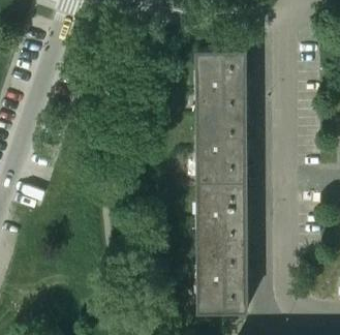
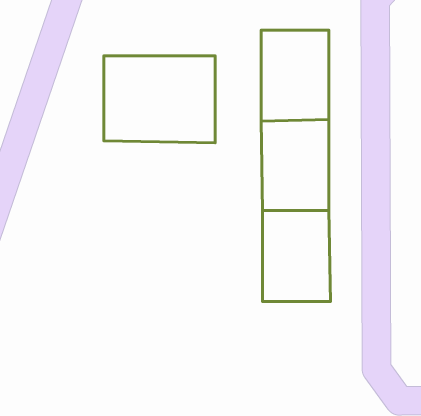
building: none -> [104,56,215,143]
building: [198,245,247,310] -> none

